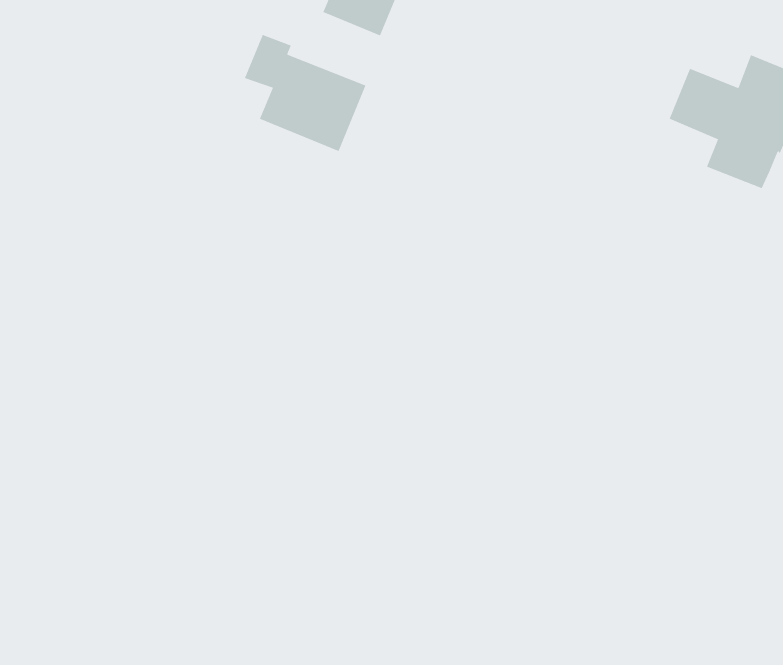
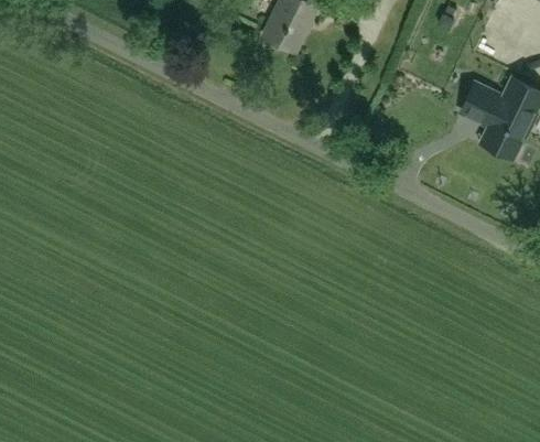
building: [244,34,366,152] -> none

